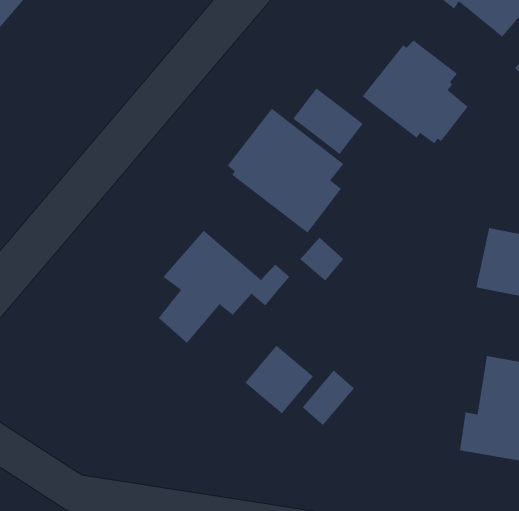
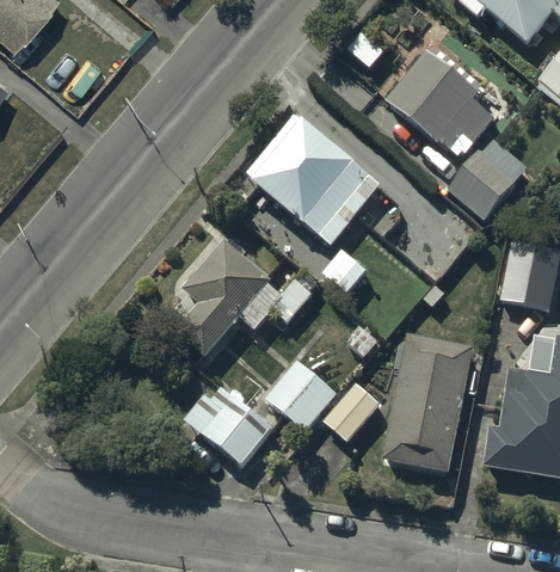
building: [293,87,364,155] -> none
building: none -> [449,150,516,217]
building: none -> [384,336,473,473]
building: none -> [185,367,273,463]

